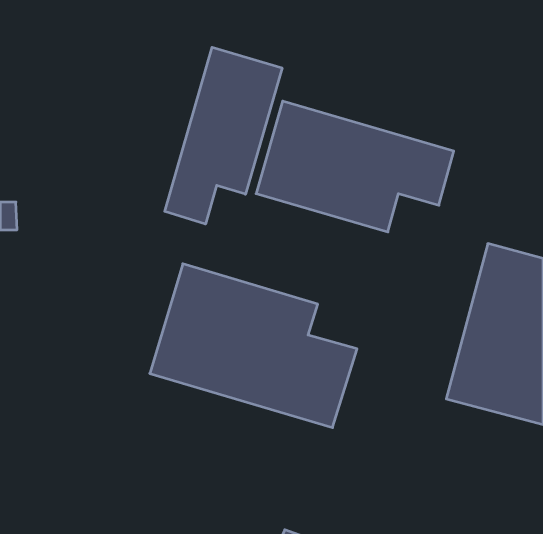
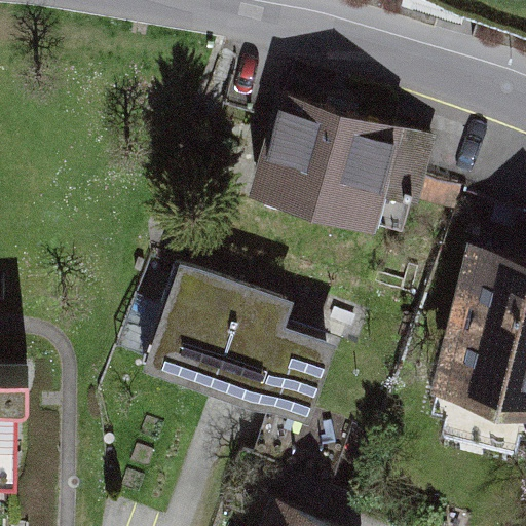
building: [165,47,282,224] -> none

